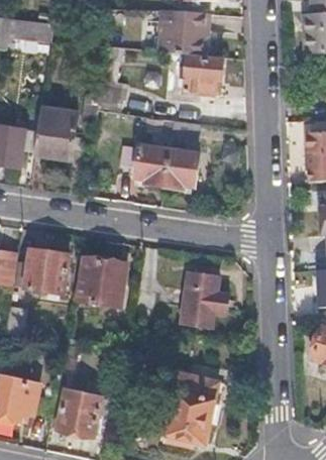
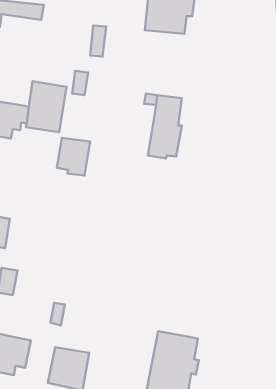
building: [186,58,223,93] -> none
building: [135,144,171,185] -> [57,138,90,175]
building: [25,248,71,295] -> none
building: [79,255,126,305] -> none
building: [179,272,230,326] -> none

